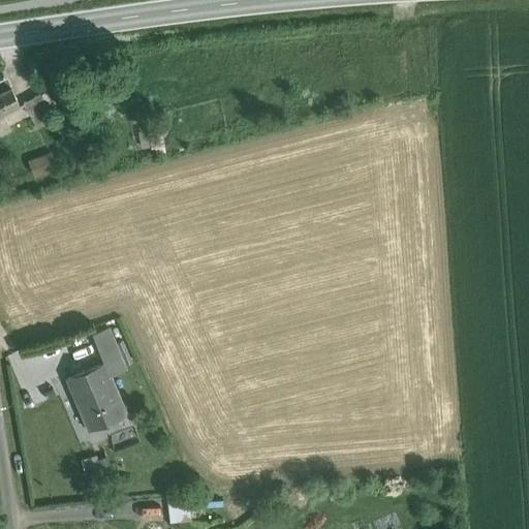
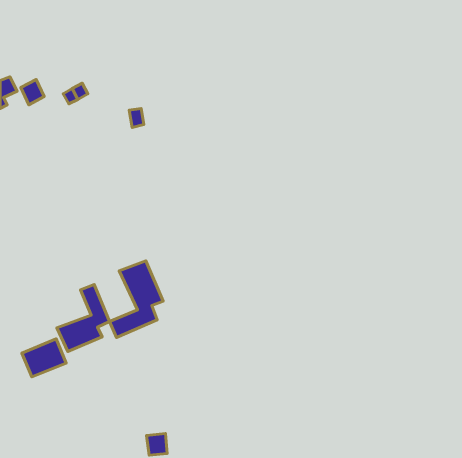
building: none -> [109,261,163,337]
building: [77,390,128,433] -> [22,339,66,377]

